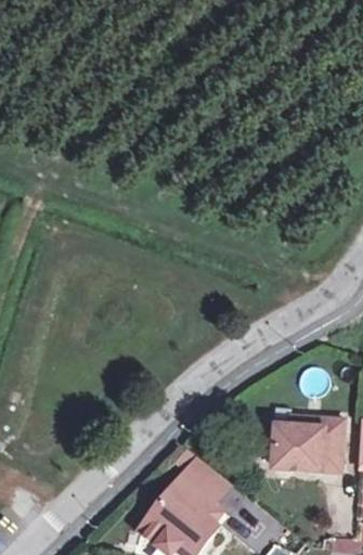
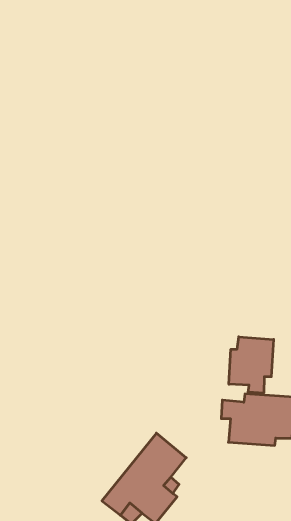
building: none -> [229,337,274,393]

